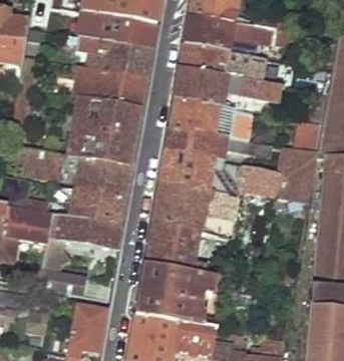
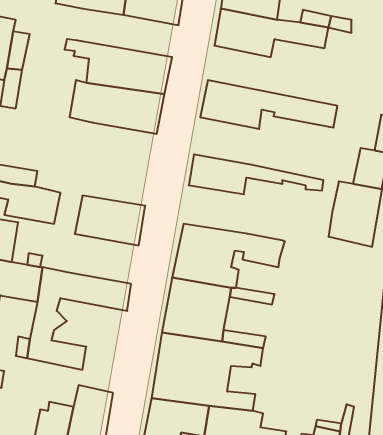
building: [77,13,156,51] -> none
building: [180,42,288,90] -> none
building: [168,98,253,135] -> none
building: [81,102,139,167] -> none
building: [160,151,277,196] -> none
building: [54,186,125,229] -> none

